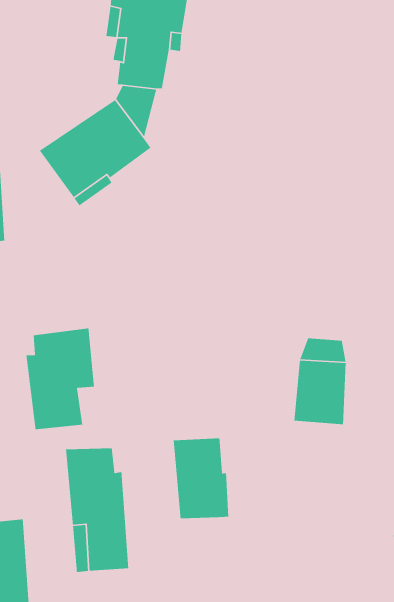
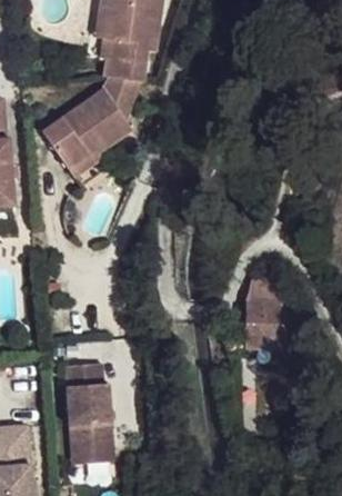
building: [26,327,95,430] -> none
building: [173,438,229,519] -> none

